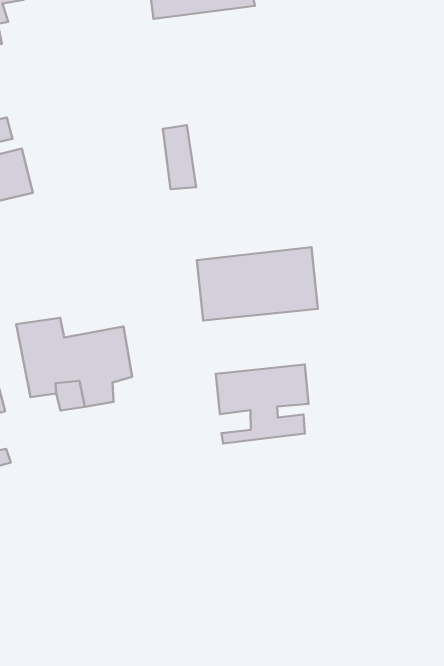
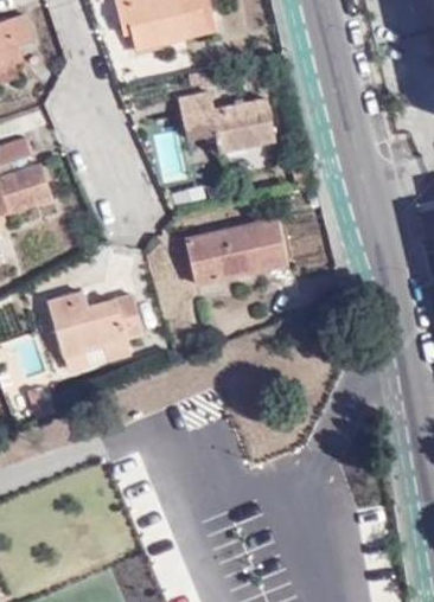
building: none -> [179,91,275,150]
building: [216,365,308,444] -> none

